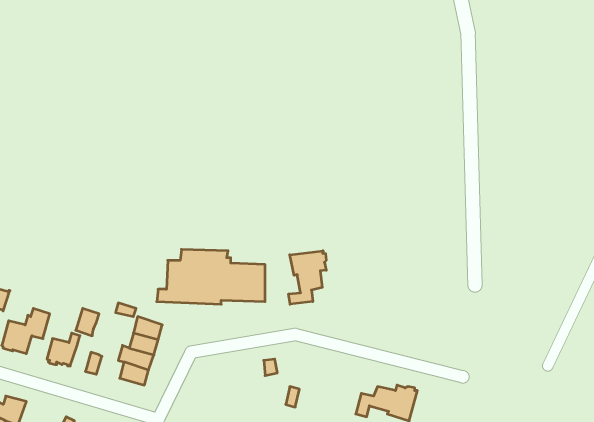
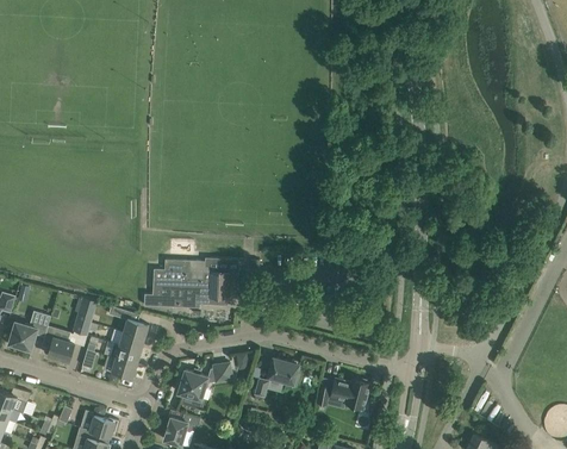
building: [289,251,326,304] -> none
building: none -> [268,358,298,387]
building: none -> [176,363,231,400]

